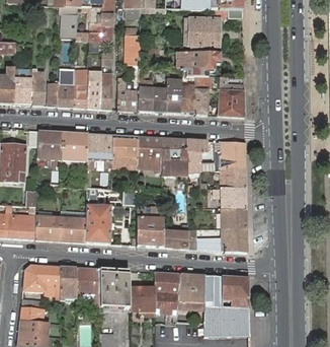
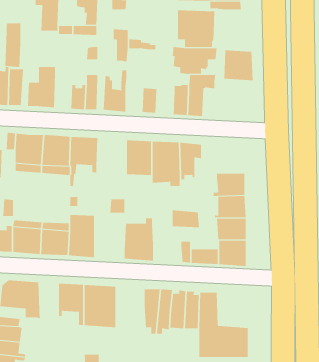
building: [73,67,88,108] -> [5,23,21,67]
building: [138,79,153,111] -> none
building: [165,79,181,113] -> none
building: [218,88,245,117] -> [223,50,253,81]
building: [111,134,138,167] -> none
building: [215,140,246,170] -> none
building: [163,231,188,248] -> [172,210,200,228]
building: [59,266,76,299] -> none
building: [221,275,249,307] -> none
building: [129,287,155,315] -> none

